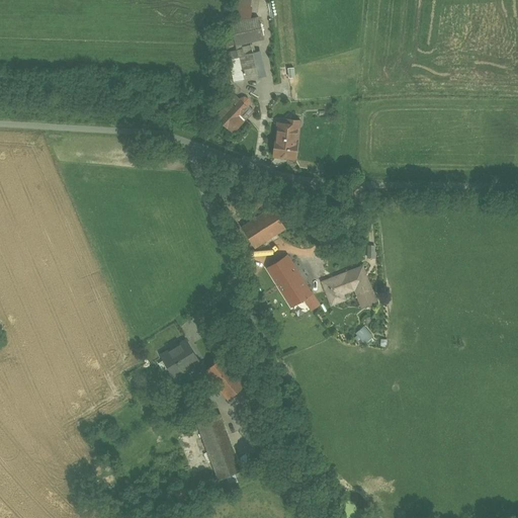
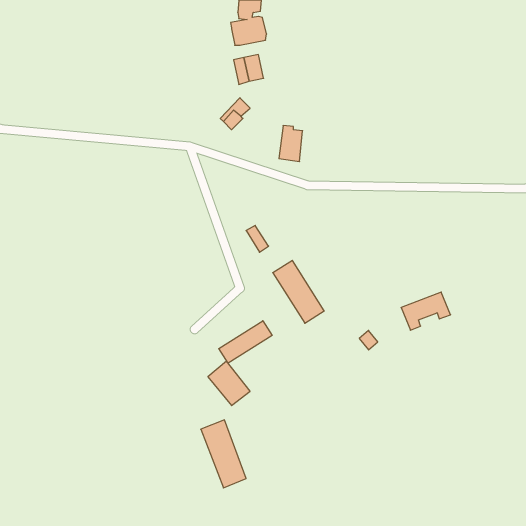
building: [251,207,285,242] -> none
building: [323,267,371,305] -> [401,292,451,330]
building: none -> [219,321,272,363]
building: [161,339,200,377] -> none

